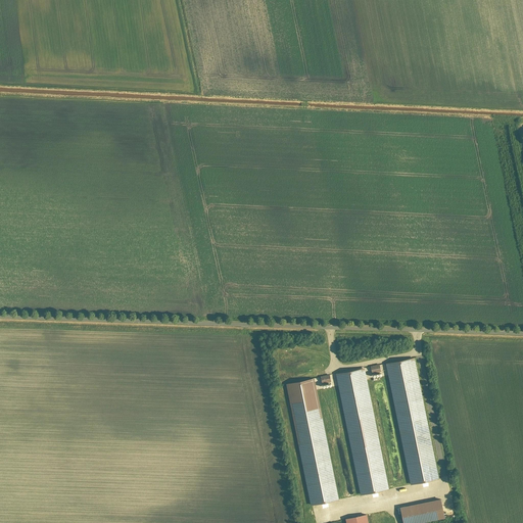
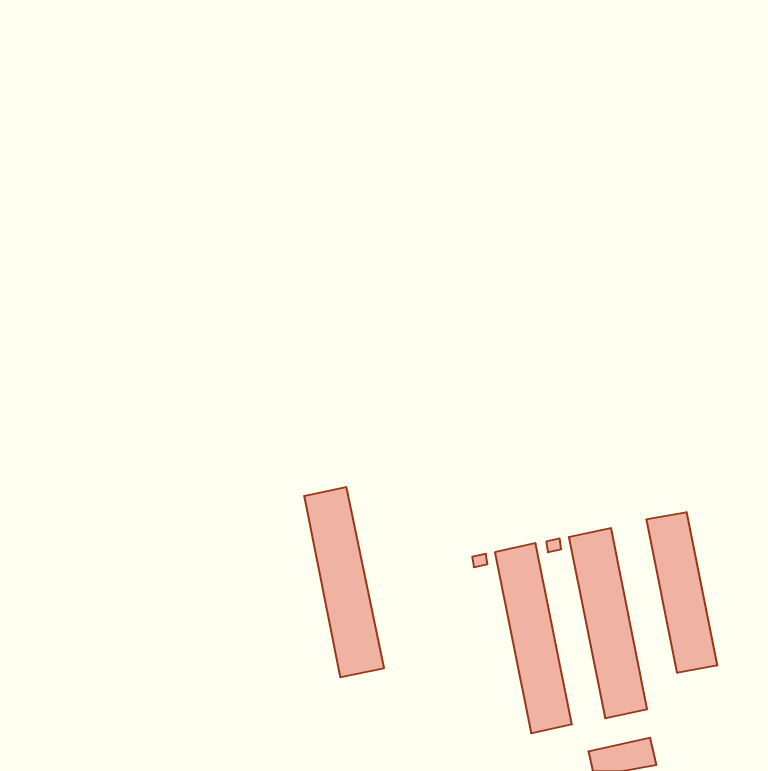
building: none -> [647,512,717,673]
building: [285,378,339,507] -> [304,487,384,677]

